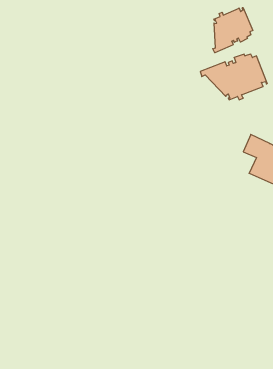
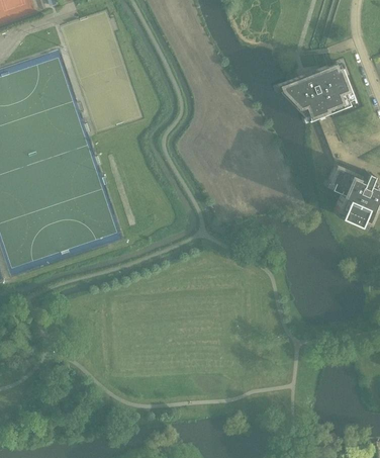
building: [213,8,253,53] -> none

